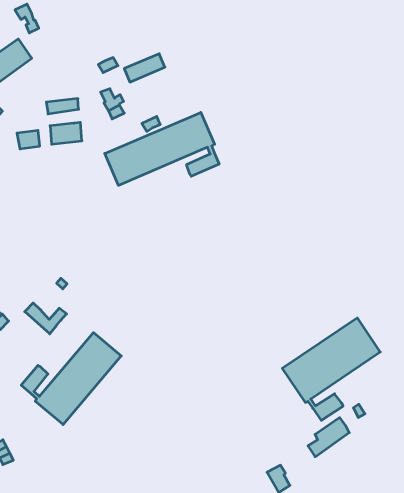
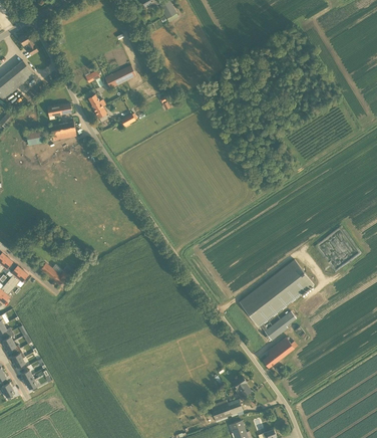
building: [105,112,219,185] -> none
building: [21,333,121,425] -> none

